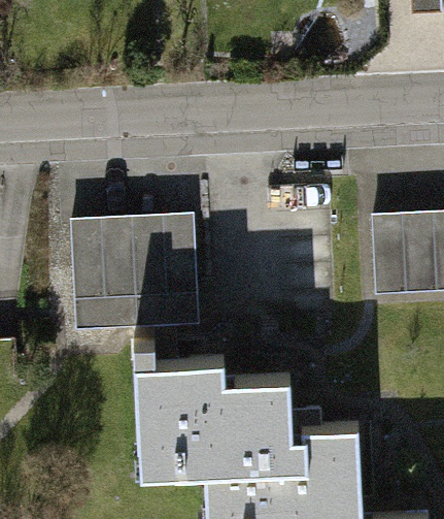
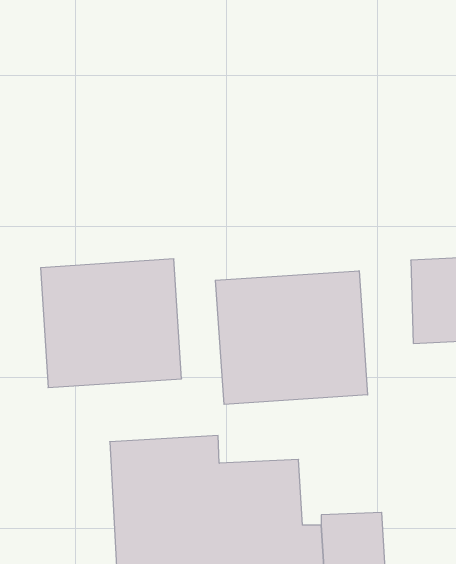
building: none -> [215,271,368,404]

